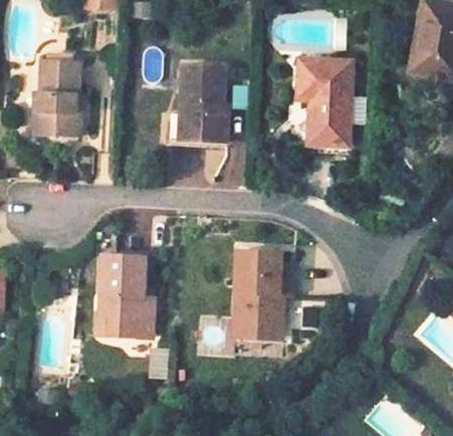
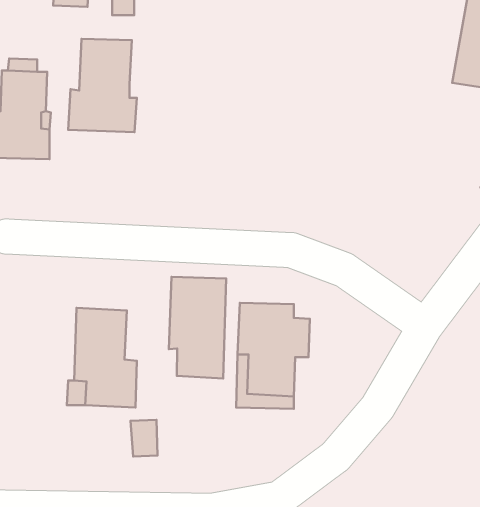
building: [296,60,368,146] -> none
building: [169,66,225,143] -> [68,39,137,132]
building: none -> [169,277,226,379]

